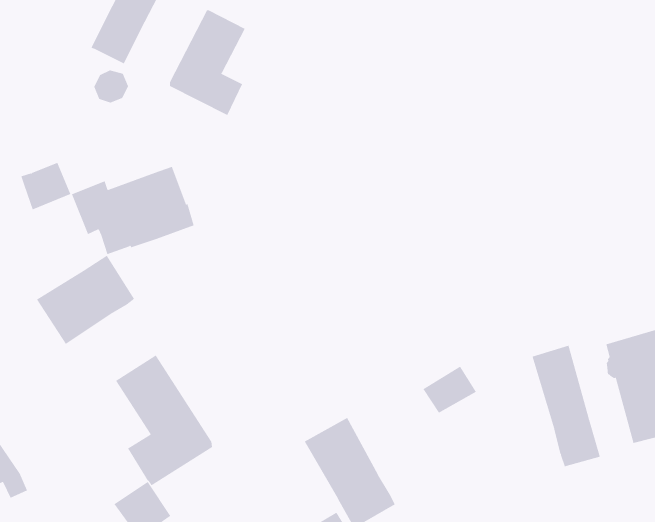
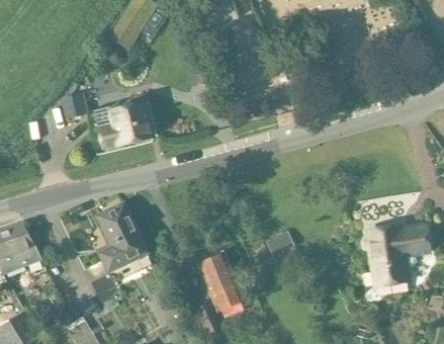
building: [169,9,245,116] -> none
building: [36,255,135,345] -> none
building: [532,345,600,467] -> none

